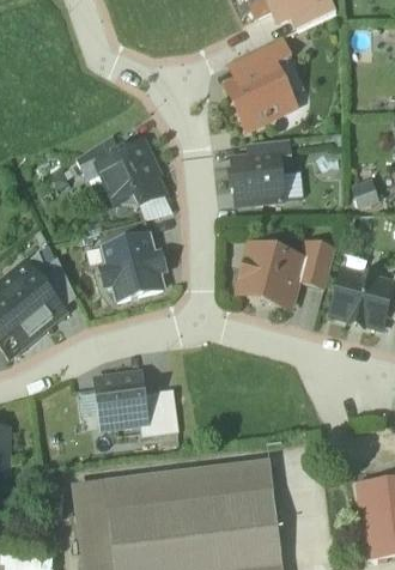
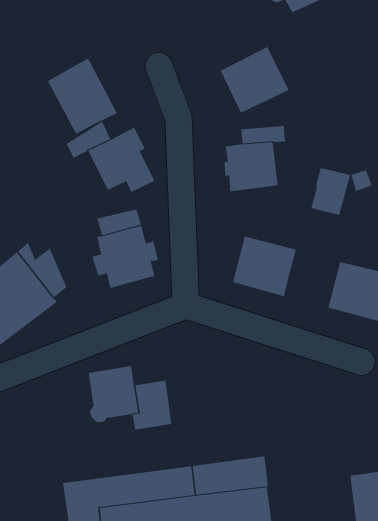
building: [239,35,292,74] -> none
building: none -> [47,58,118,135]
building: [296,242,335,289] -> [310,168,351,215]

